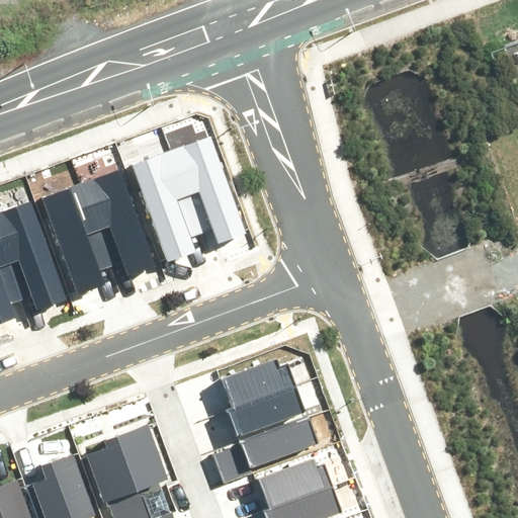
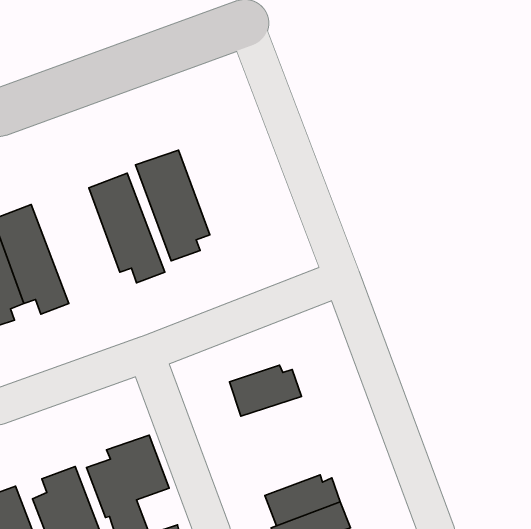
building: [173,136,246,241] -> none
building: [46,186,116,294] -> none
building: [226,388,301,437] -> none
building: [242,418,317,467] -> none

